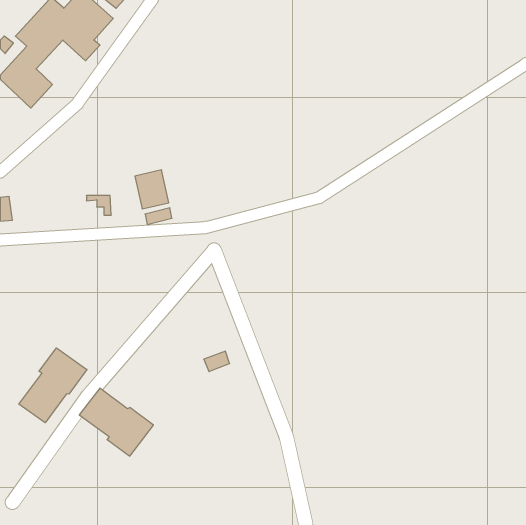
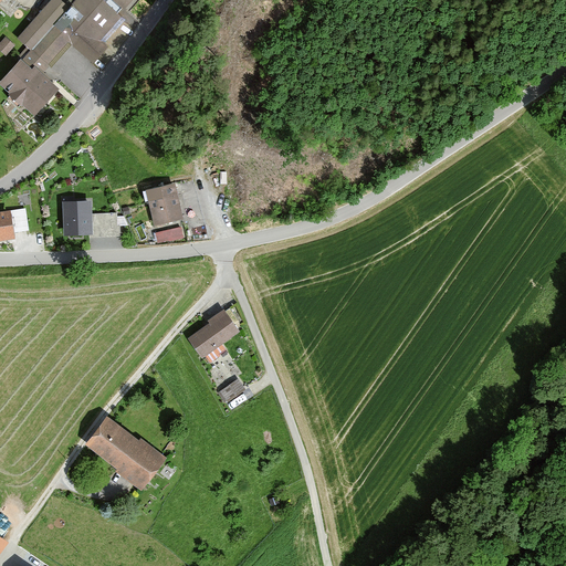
building: none -> [64,201,91,233]
building: none -> [187,308,240,358]
building: [19,348,87,423] -> none

